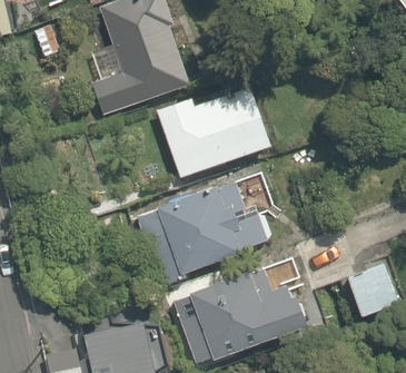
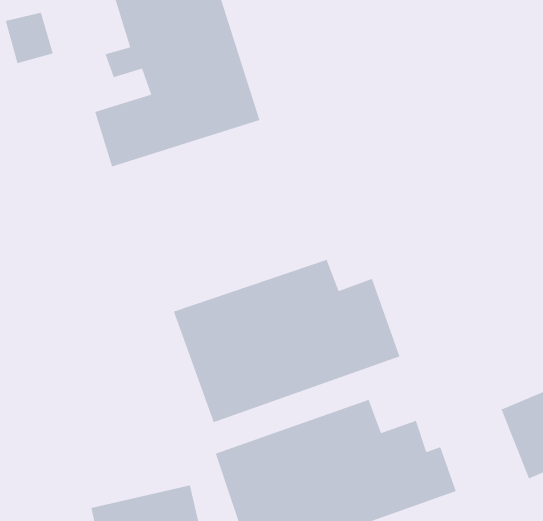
building: [157,73,281,177] -> none

